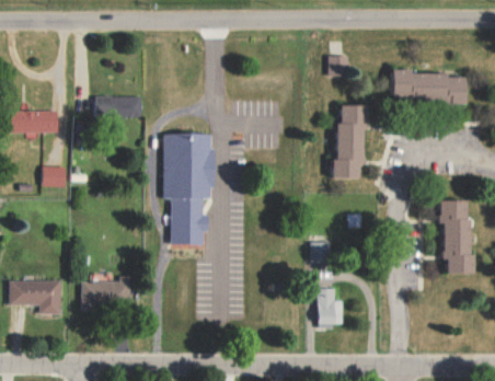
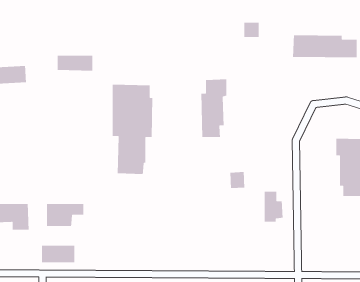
building: [336,104,369,177] -> [201,79,227,138]
building: [42,166,65,187] -> none
building: [318,289,342,328] -> [264,191,283,223]
building: none -> [41,245,75,263]

